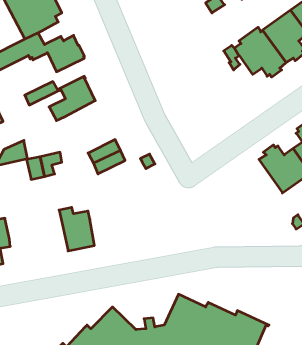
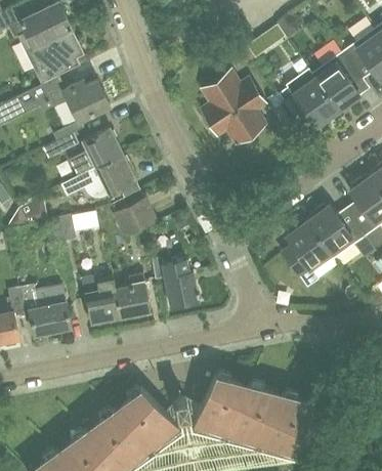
building: none -> [202,72,264,142]
building: none -> [61,154,140,198]
building: none -> [282,220,334,287]
building: none -> [153,256,199,307]
building: none -> [116,272,151,317]
building: none -> [19,284,71,335]

